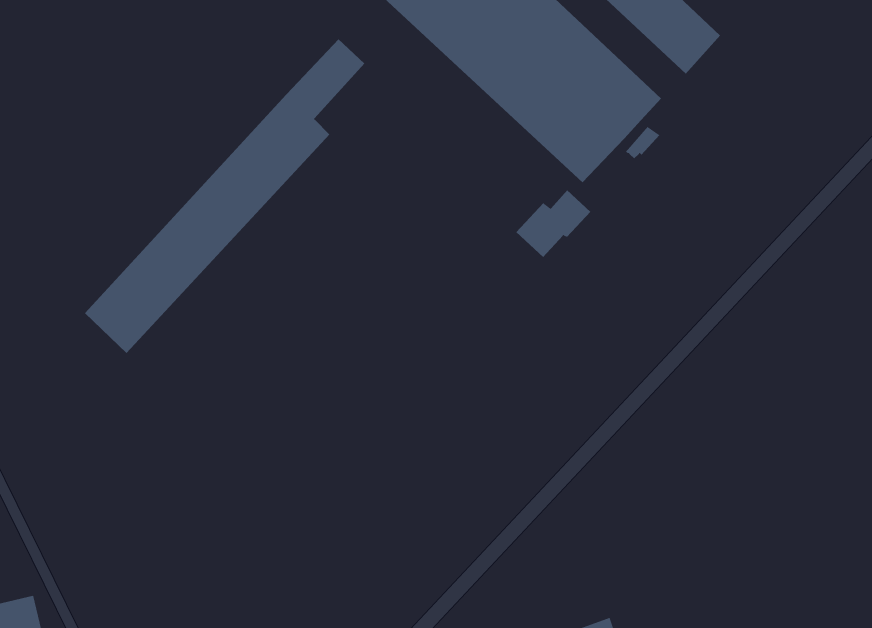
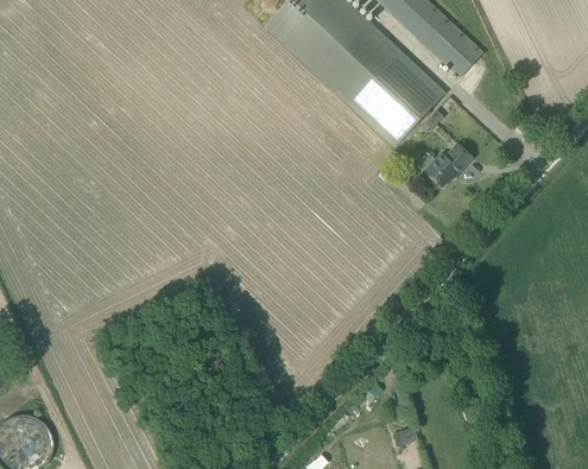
building: [84,39,365,354] -> none
building: [515,190,591,258] -> [424,144,473,188]

